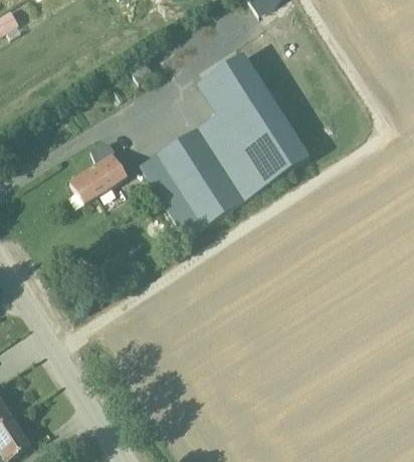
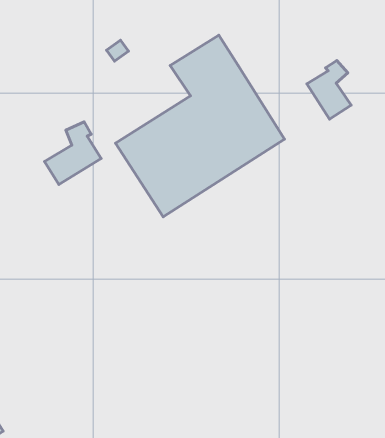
building: none -> [307,60,351,119]

